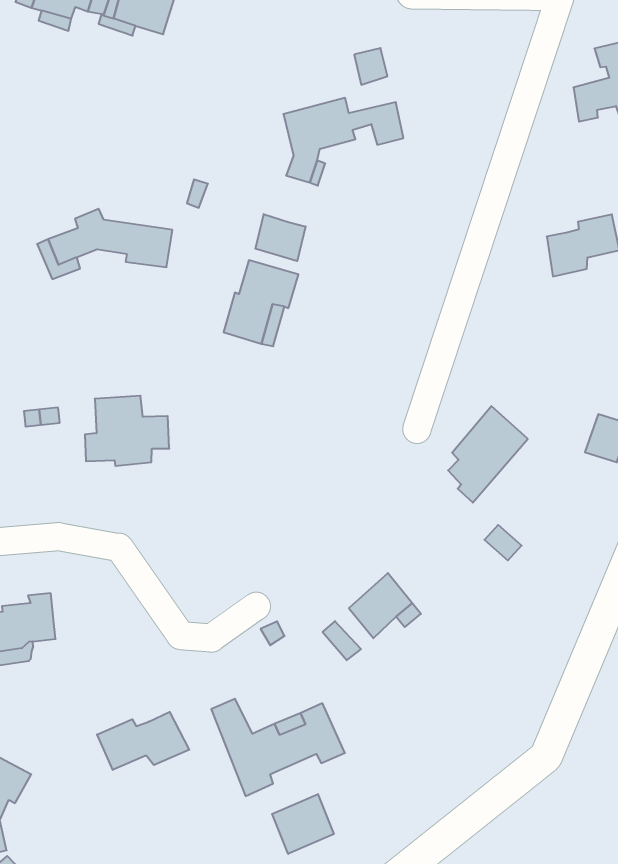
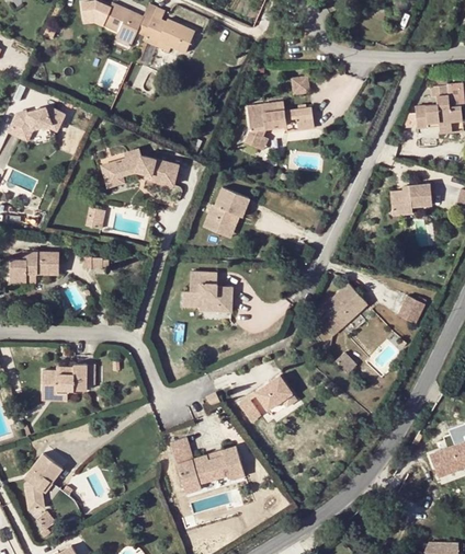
building: [255,214,306,261] -> none
building: [85,396,169,466] -> [182,270,231,310]
building: [97,712,189,770] -> none
building: [272,794,334,854] -> none

